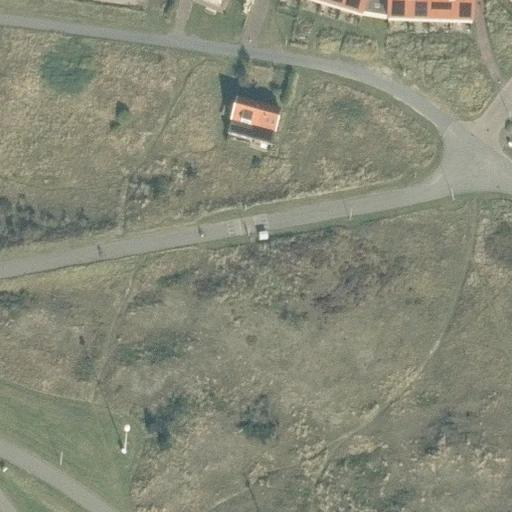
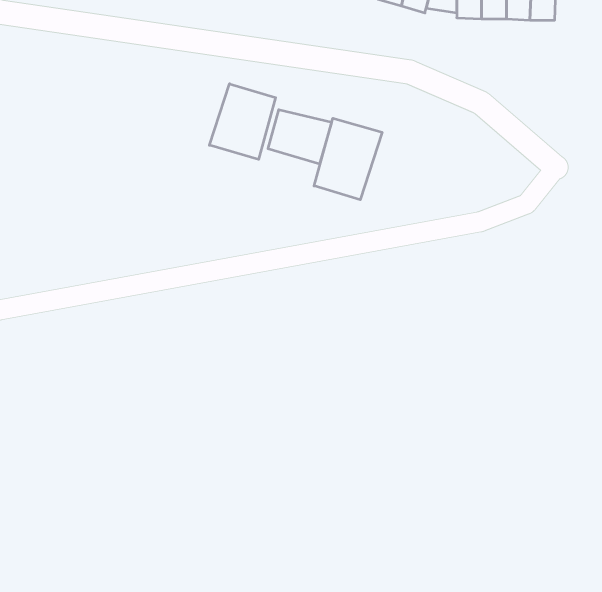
building: none -> [209,84,276,159]
building: none -> [314,118,382,200]

